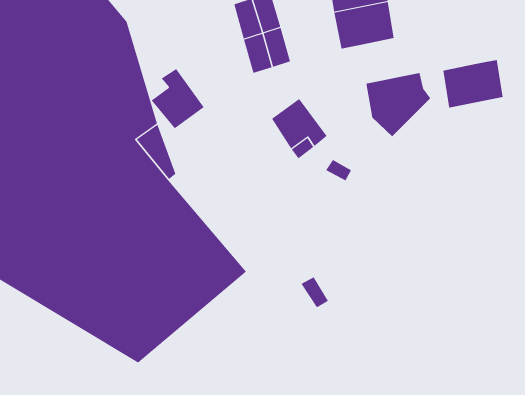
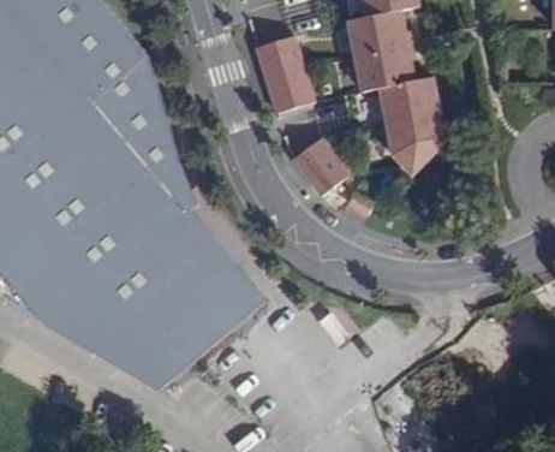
building: [442,59,503,108] -> [377,69,437,117]
building: [151,68,205,129] -> none

